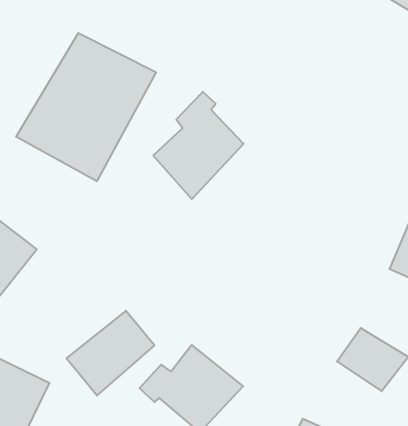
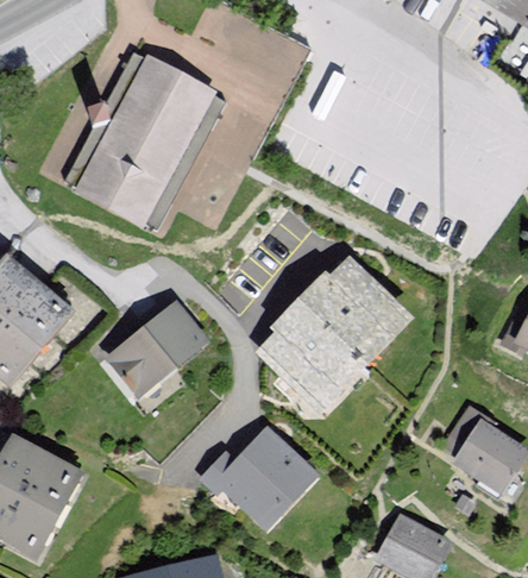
building: [153,92,244,199] -> none
building: none -> [254,253,419,417]
building: [67,311,154,396] -> [103,300,209,402]

